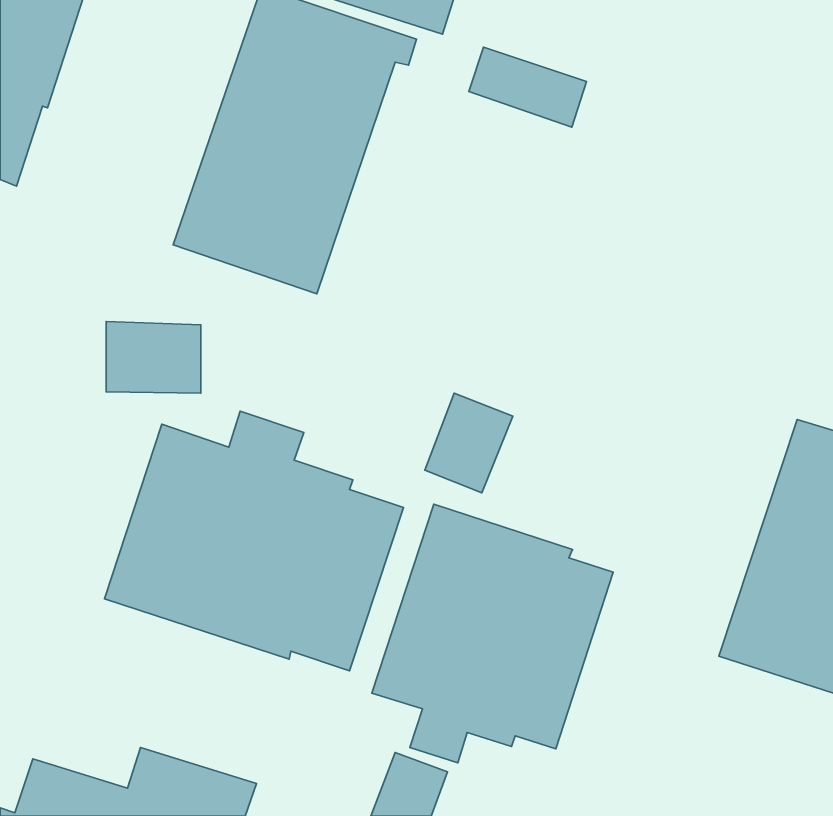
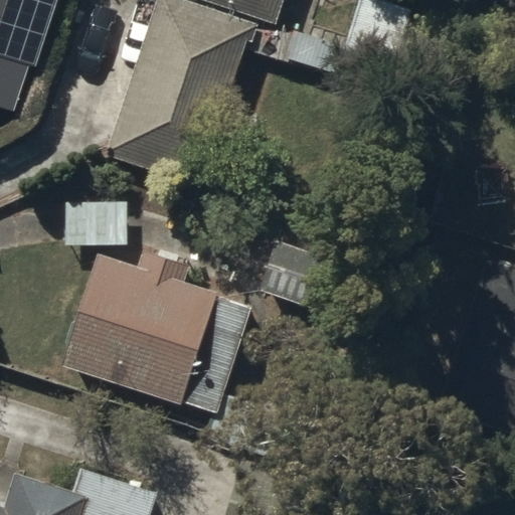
building: [372,504,613,763] -> none

